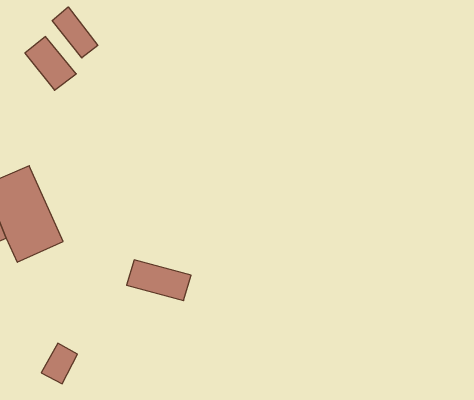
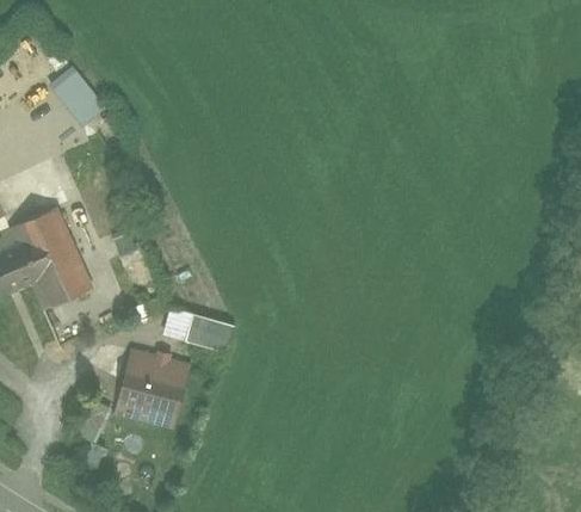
building: [52,7,98,58] -> none
building: none -> [113,351,186,427]

